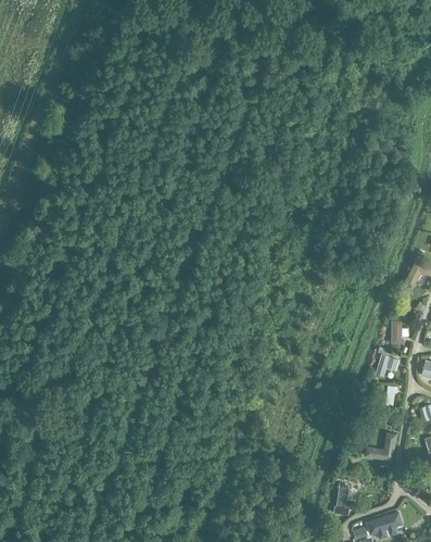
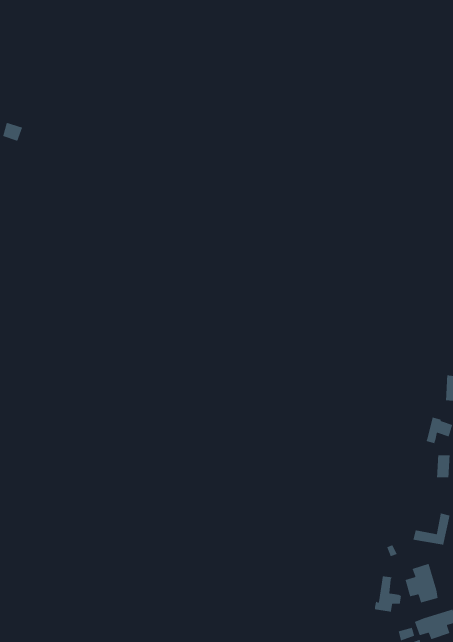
building: none -> [405,563,439,603]

